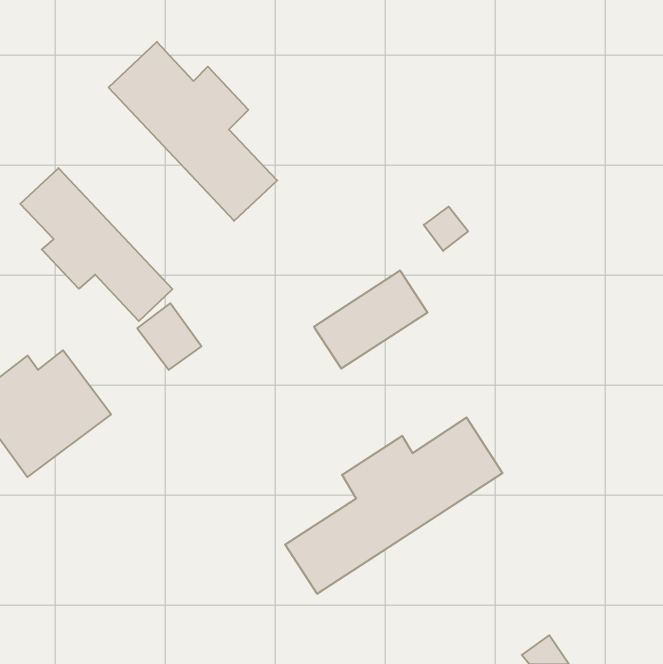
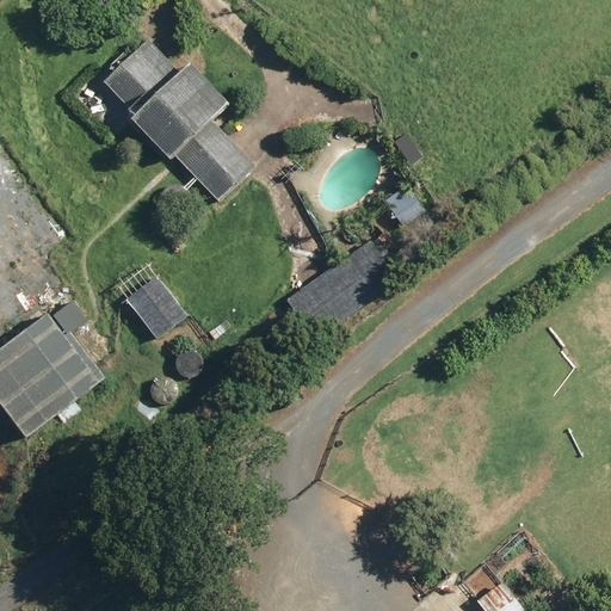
building: [20,168,172,321] -> none
building: [285,417,503,594] -> none

